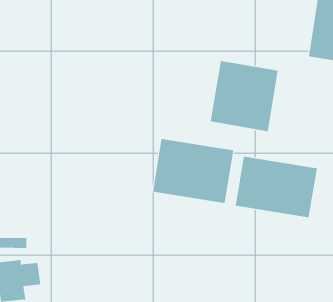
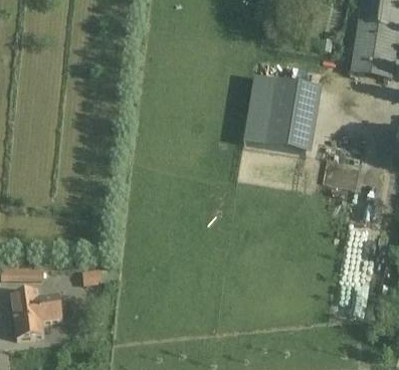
building: [152,138,234,204] -> none
building: [235,156,317,218] -> none

